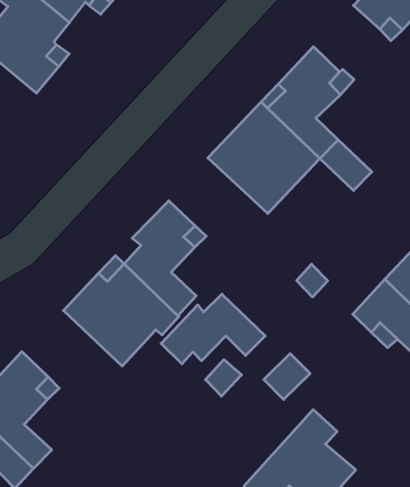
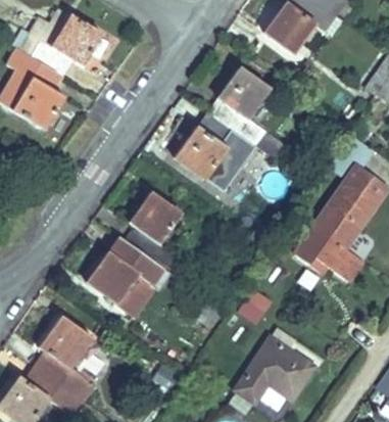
building: [161,294,265,364] -> none

